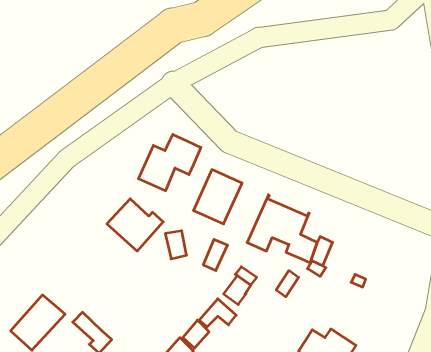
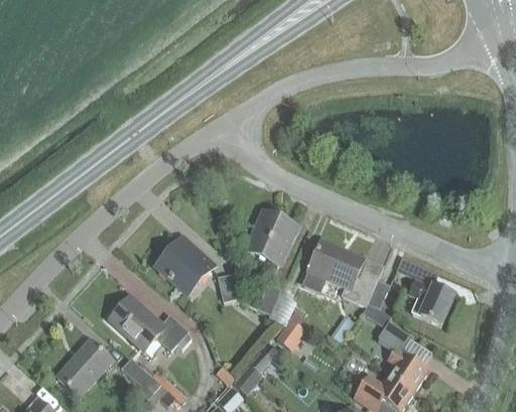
building: [138,134,201,191] -> none
building: none -> [408,280,454,325]
building: none -> [108,295,188,352]
building: none -> [377,320,427,392]

